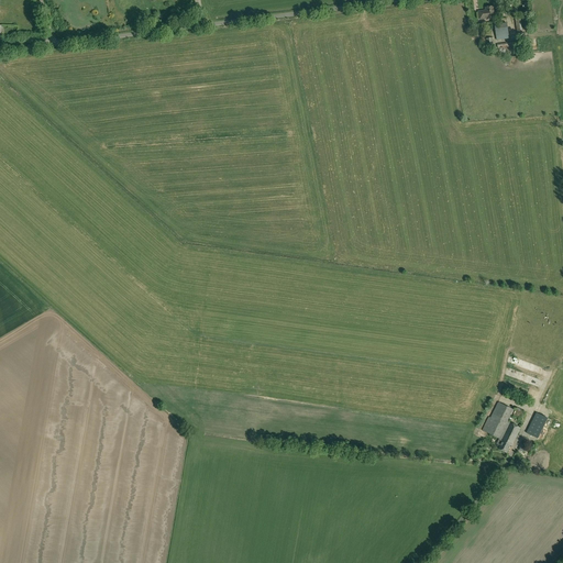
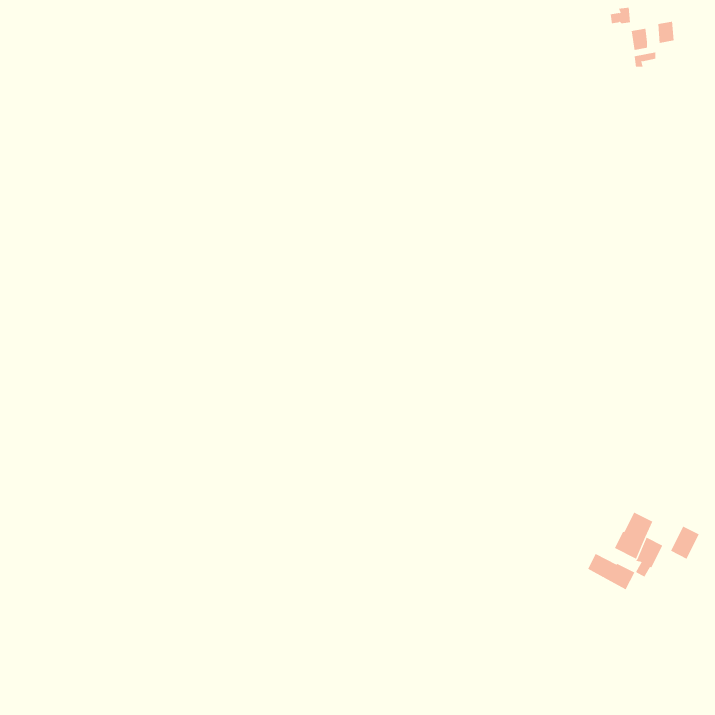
building: none -> [587,553,635,590]

